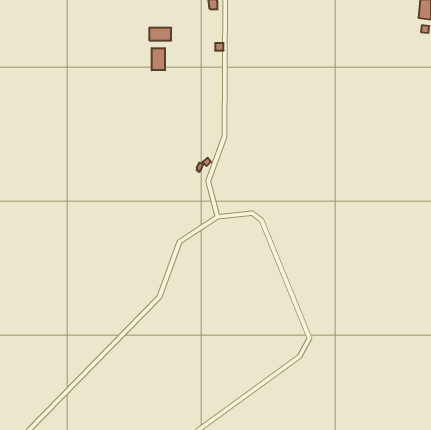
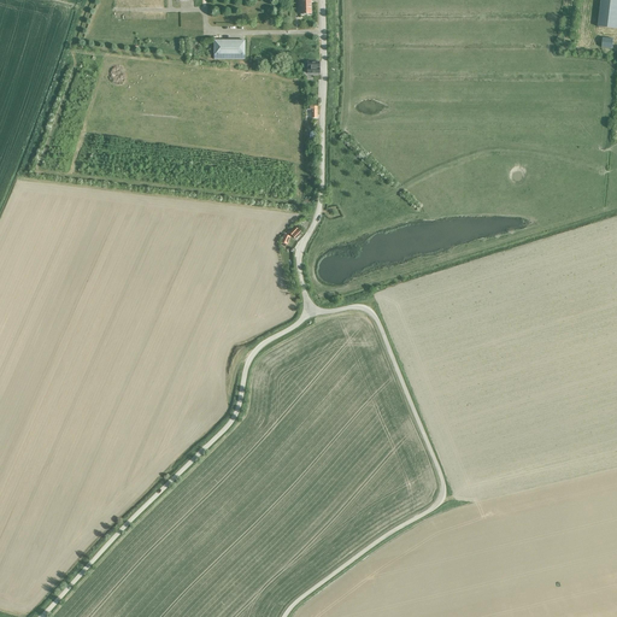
building: [152,48,165,70] -> none

